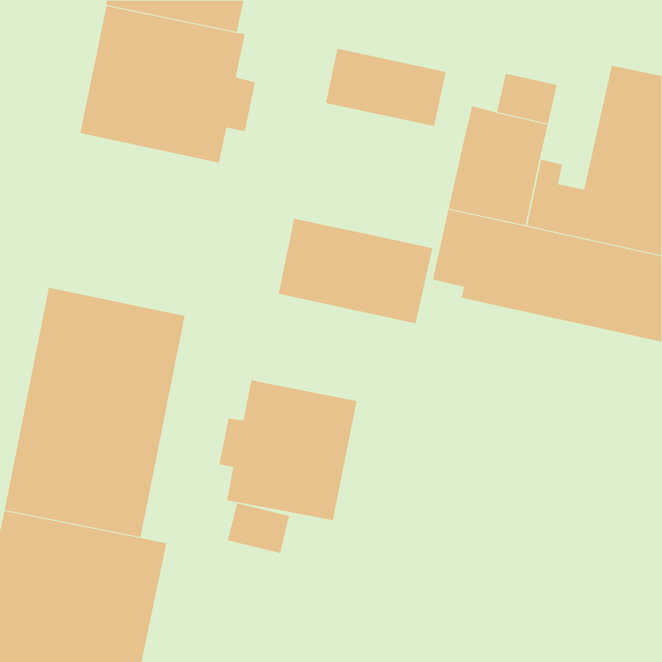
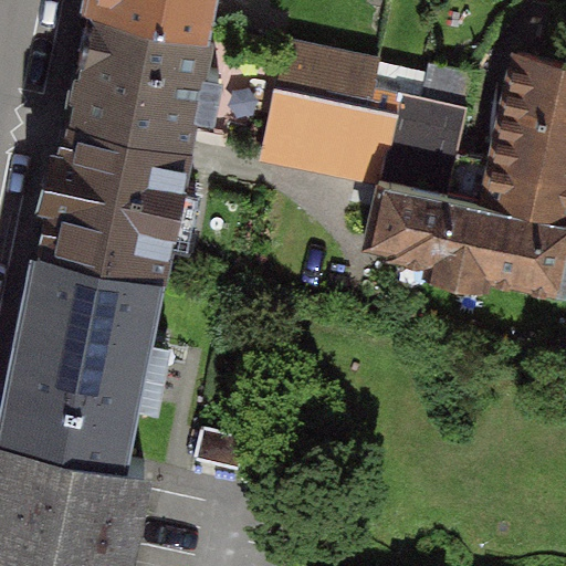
building: none -> [41,117,193,272]
building: [278,218,433,324] -> [262,92,394,181]
building: [219,379,357,521] -> none

